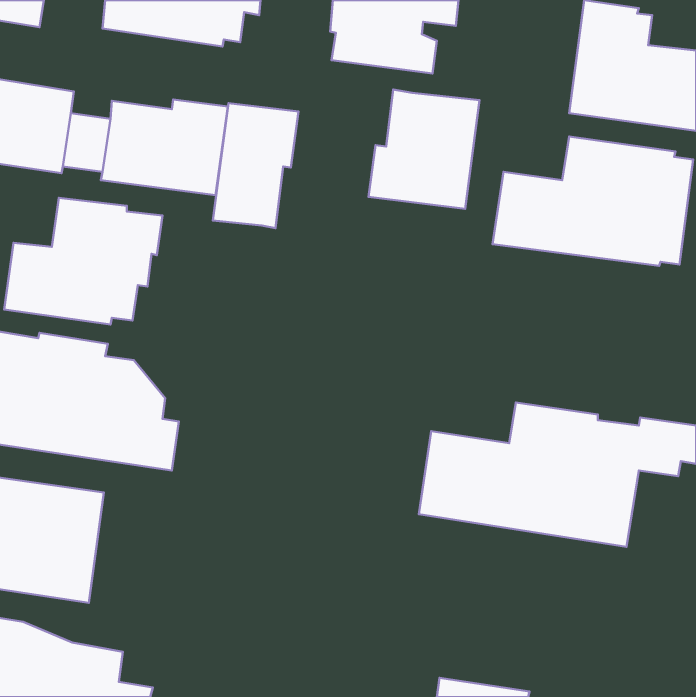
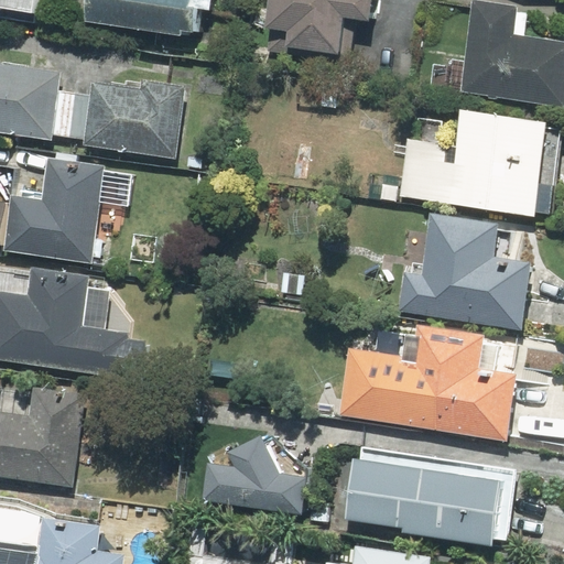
building: [369,89,479,209] -> none
building: [213,103,298,228] -> none
building: none -> [399,214,528,329]
building: none -> [200,433,306,513]
building: none -> [343,447,517,545]

